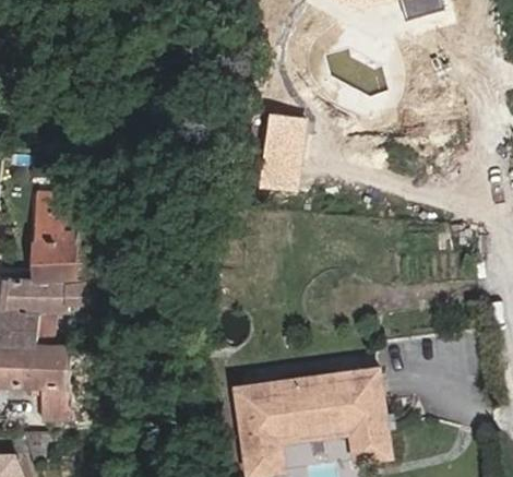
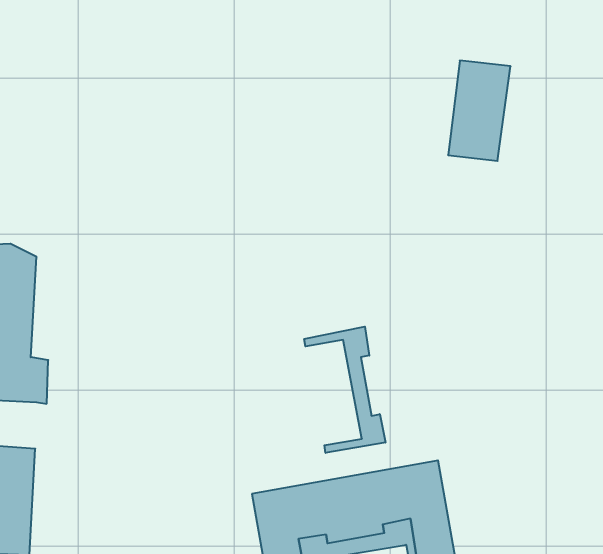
building: [263,112,310,188] -> [448,61,511,161]
building: none -> [304,327,385,453]

